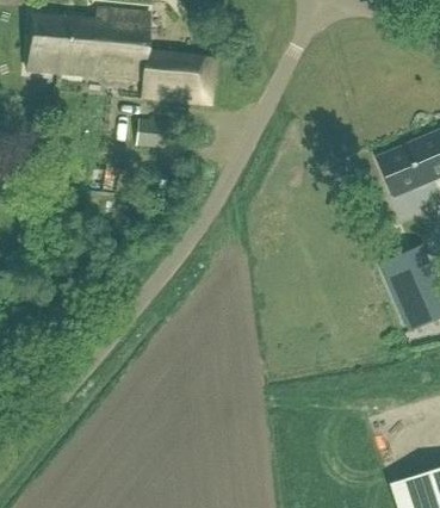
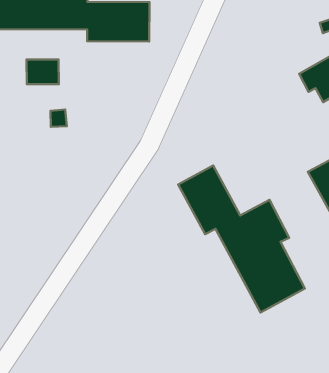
building: [136,120,174,151] -> [27,60,59,84]
building: none -> [178,165,305,312]

